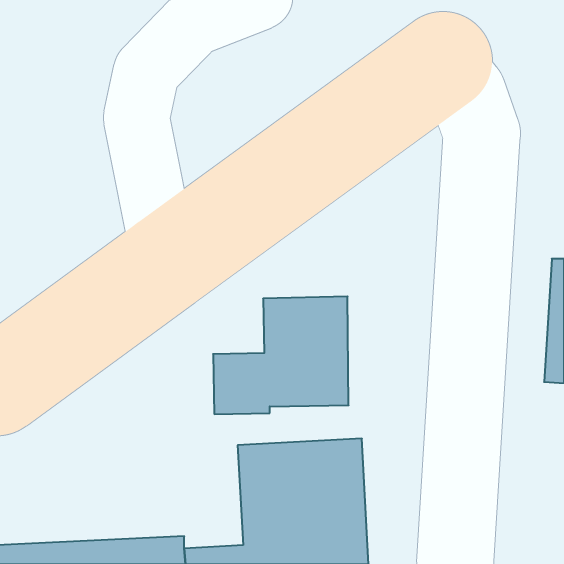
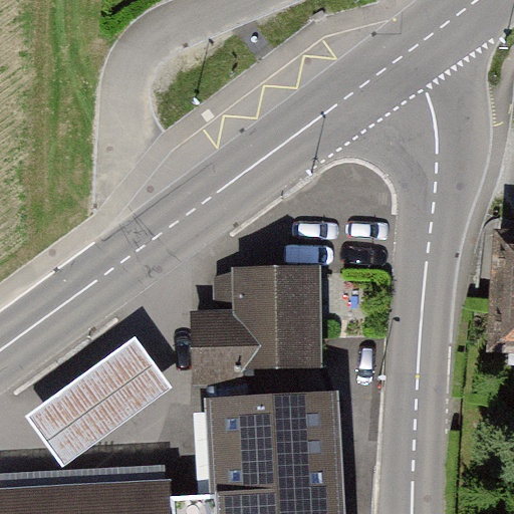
building: none -> [29,338,171,465]

